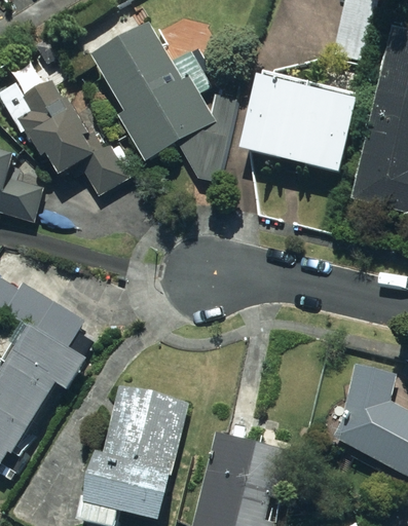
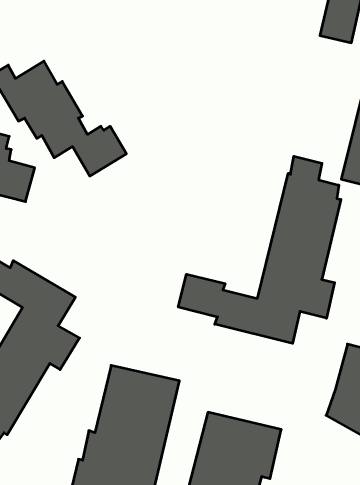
building: [91,23,234,180] -> none
building: [244,70,360,174] -> none
building: none -> [178,156,341,343]

